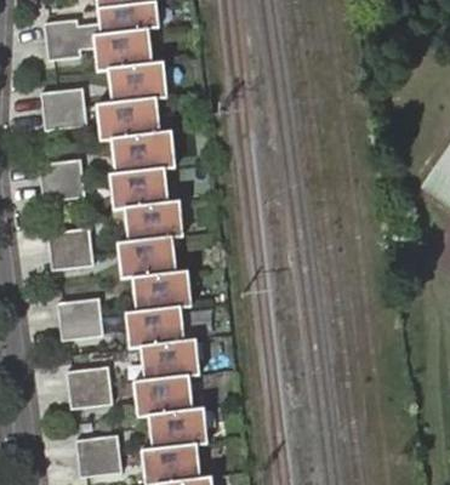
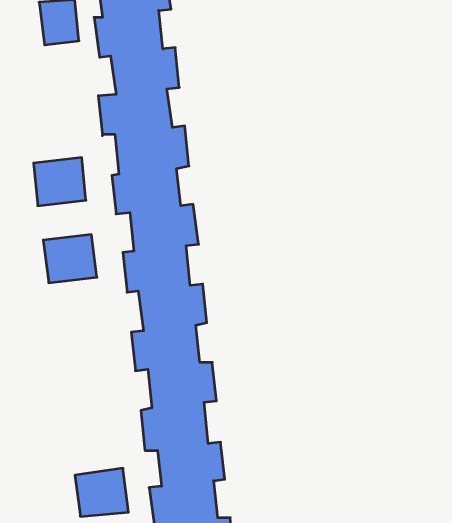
building: [41,86,87,130] -> none
building: [57,296,103,340] -> none
building: [67,365,113,407] -> none

